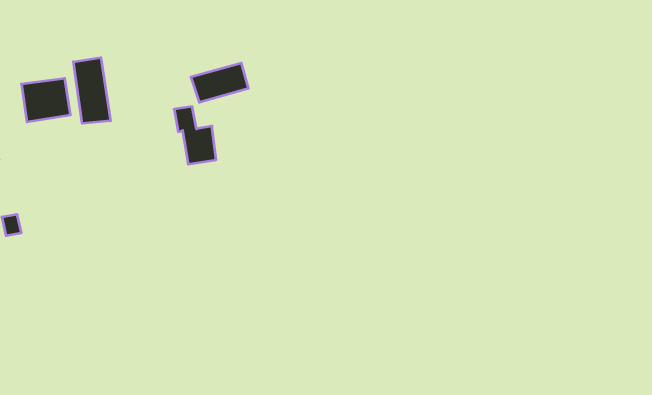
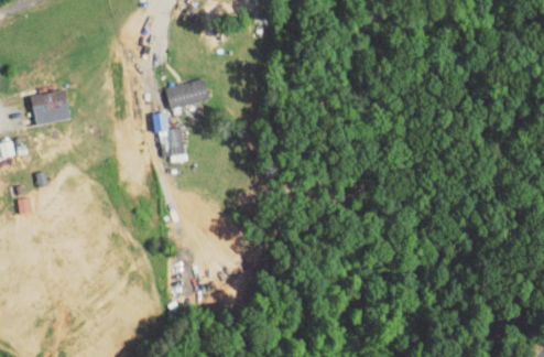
building: [73,58,110,123] -> none

